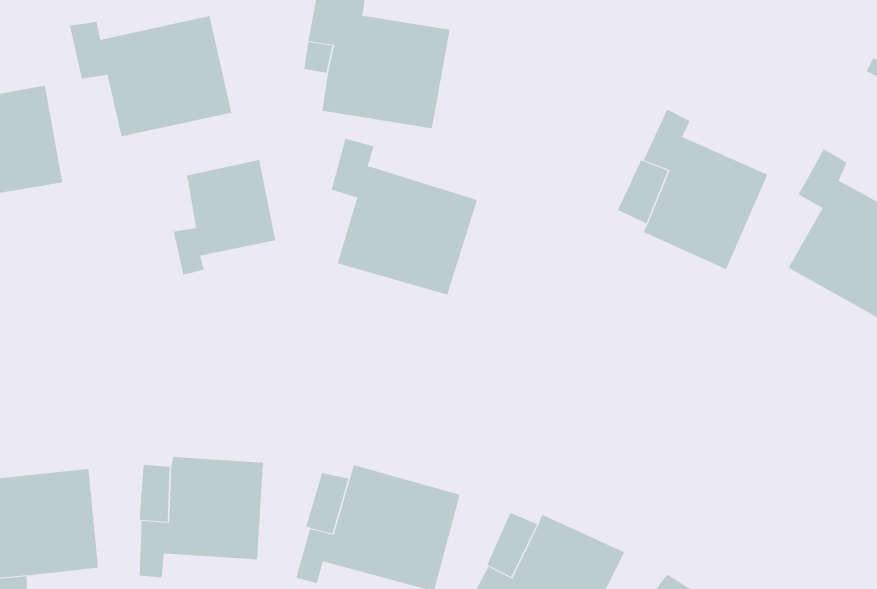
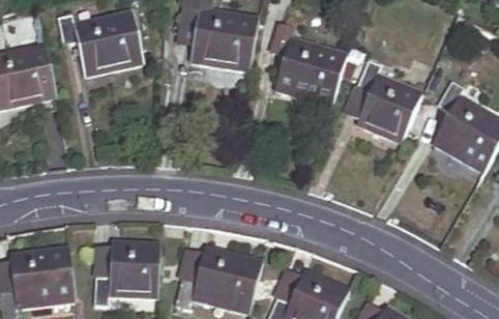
building: [331,138,478,295] -> [271,23,348,105]
building: [173,159,276,275] -> none

